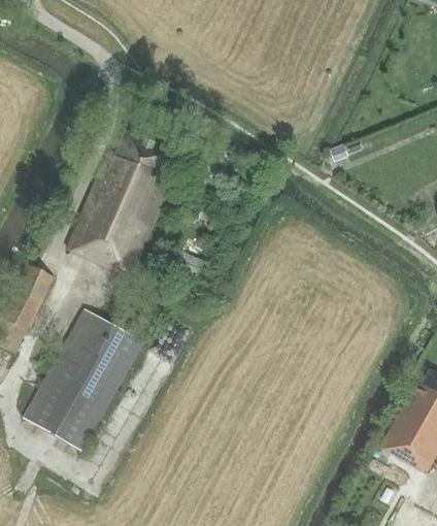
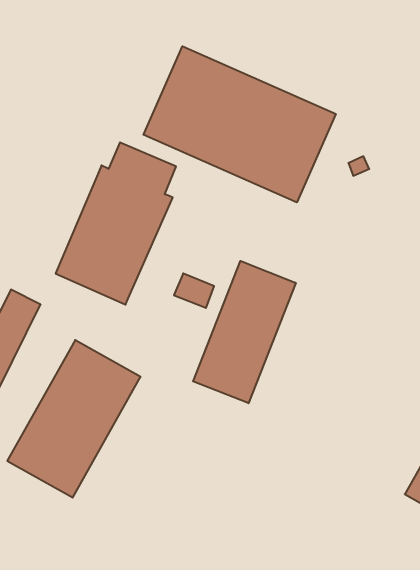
building: none -> [143,46,336,202]
building: none -> [193,261,296,403]

